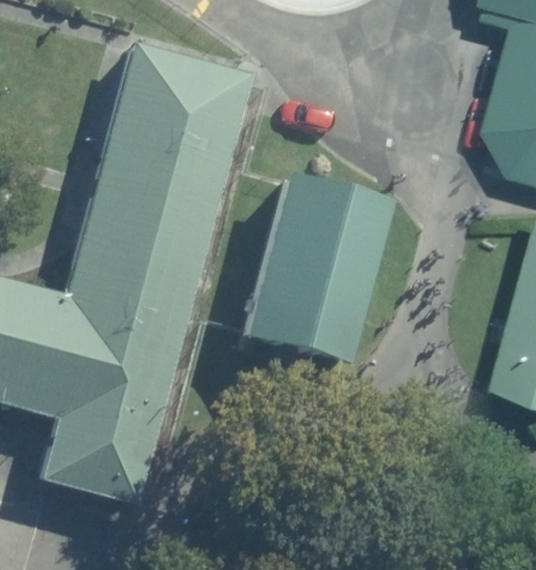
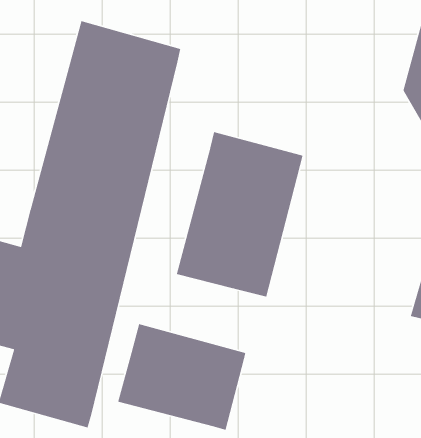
building: none -> [117,323,246,431]

